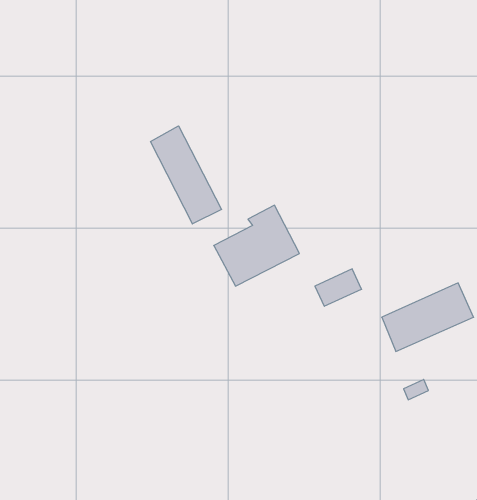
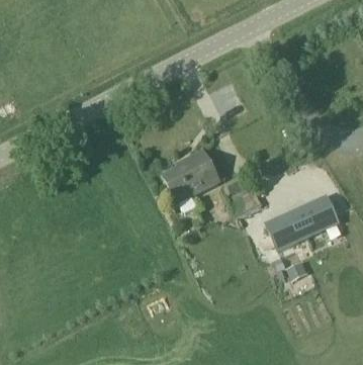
building: [151,126,222,224] -> none

